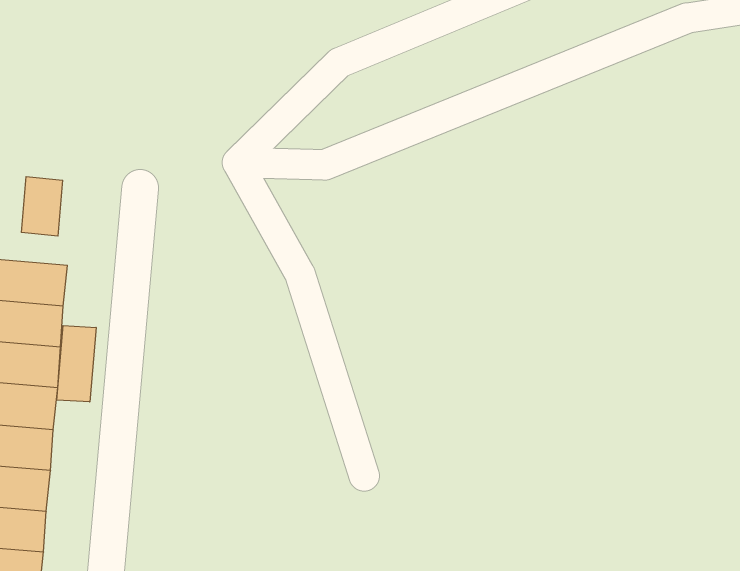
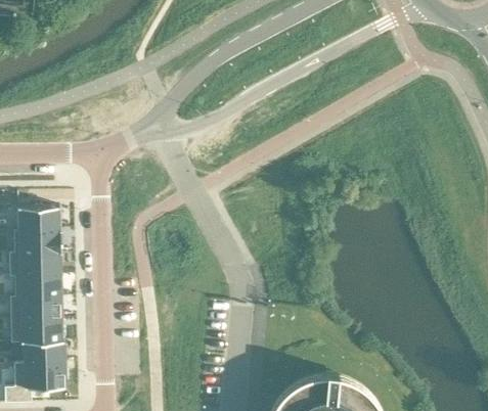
building: [21,177,63,236] -> none
building: [57,326,96,402] -> none

